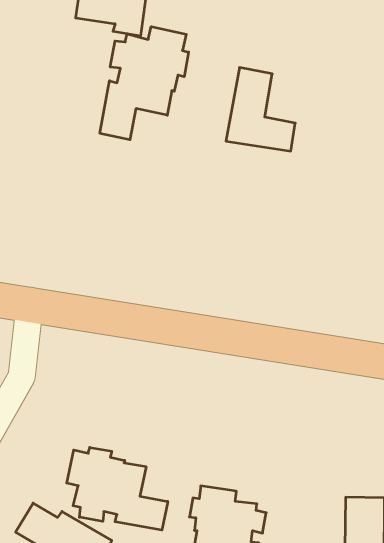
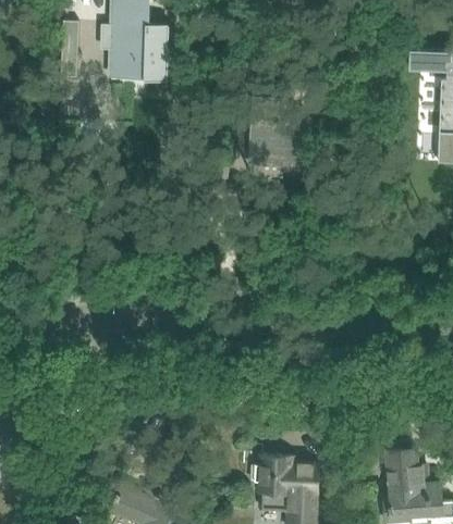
building: [100,27,189,140] -> none
building: [67,447,168,530] -> none

